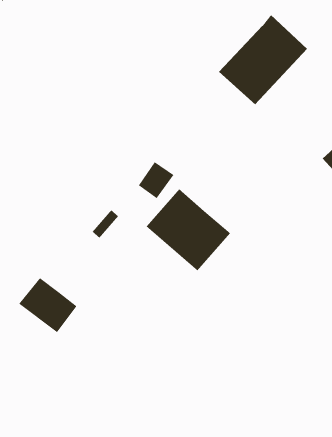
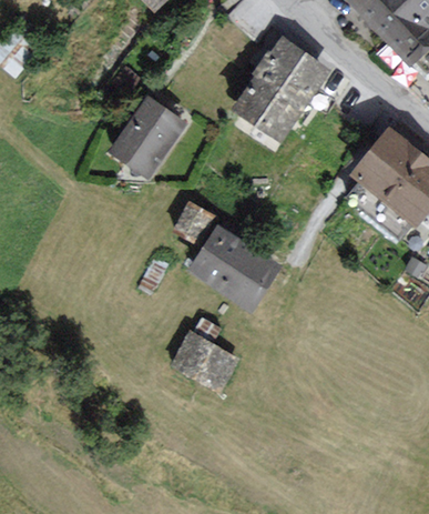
building: none -> [111,100,180,174]
building: [18,277,78,333] -> [174,336,233,389]

